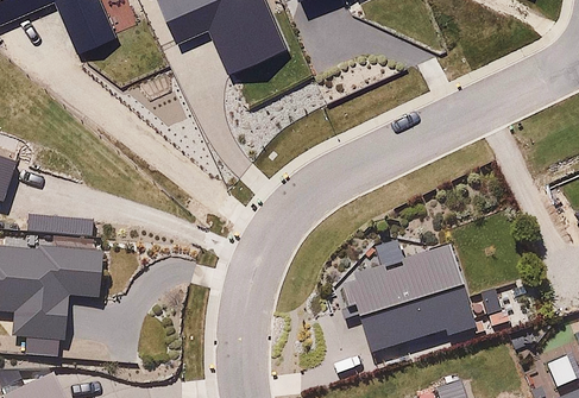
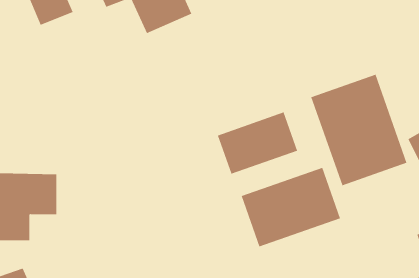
building: none -> [311,74,407,186]
building: none -> [217,112,298,175]

